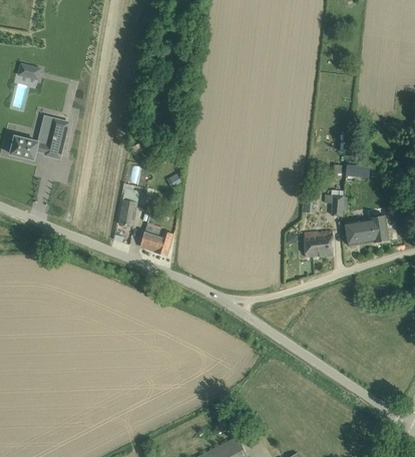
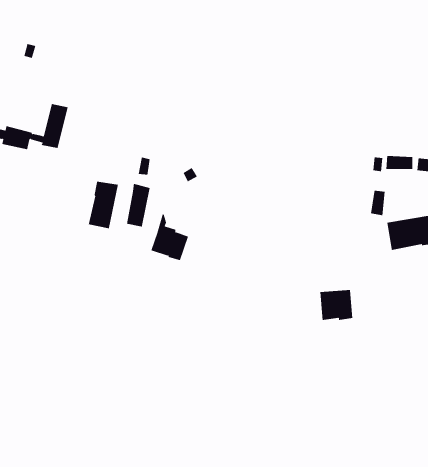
building: none -> [88,181,118,229]
building: [303,231,332,258] -> [320,289,353,321]

